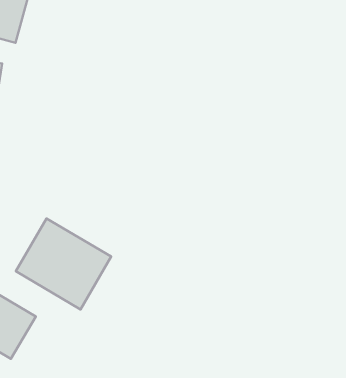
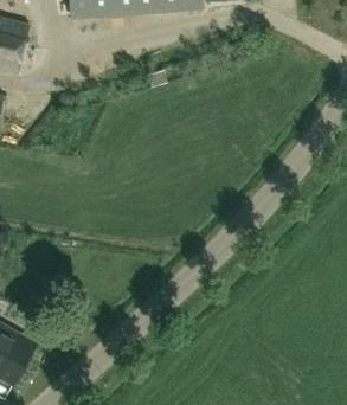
building: [16,218,111,309] -> none

